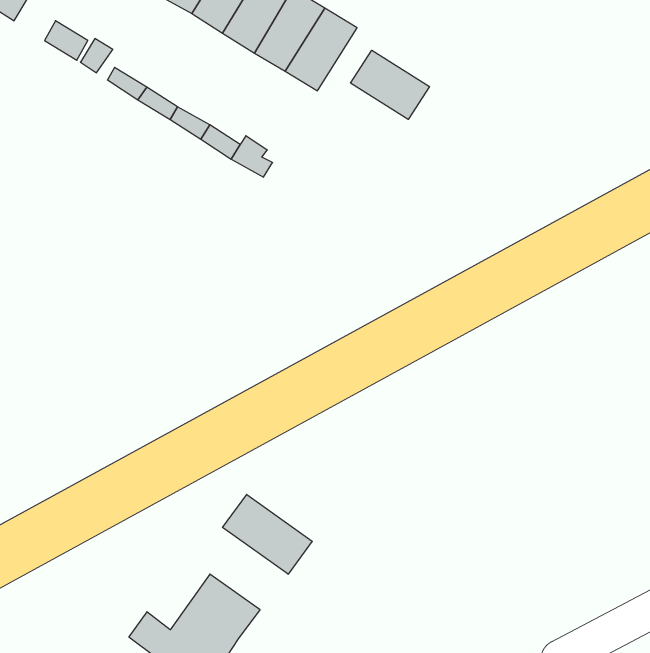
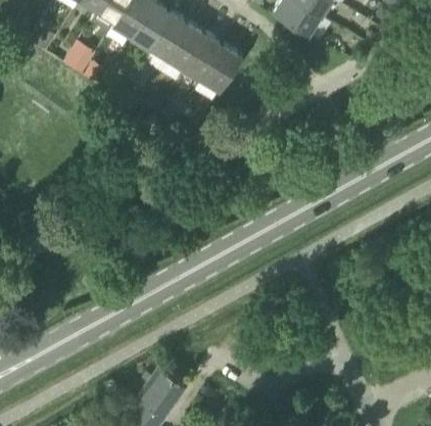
building: [351,50,429,119] -> none
building: [223,494,312,574] -> none

